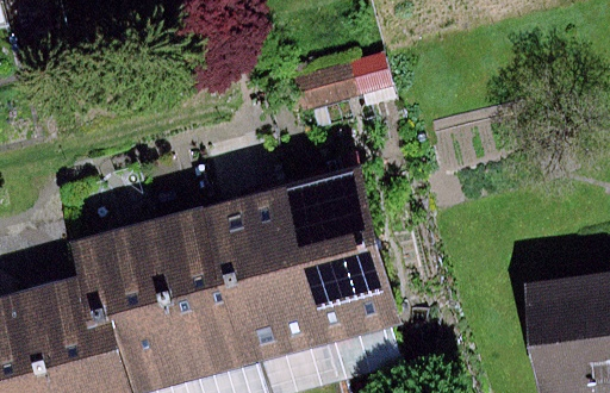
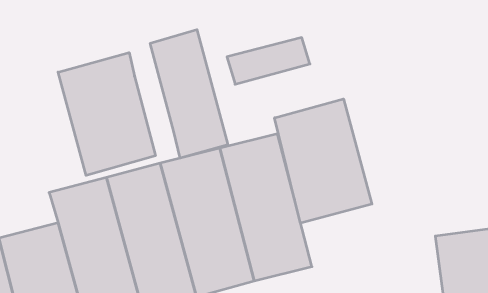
building: none -> [150,30,228,158]
building: none -> [58,53,155,175]
building: none -> [275,99,372,223]

